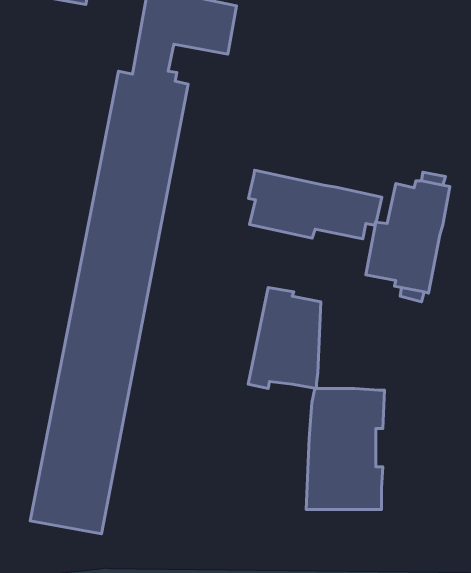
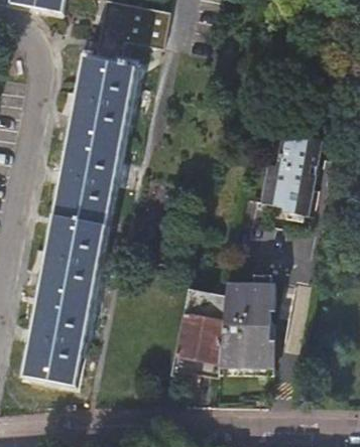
building: [248,170,382,239] -> none
building: [248,288,321,389] -> [169,308,221,380]

